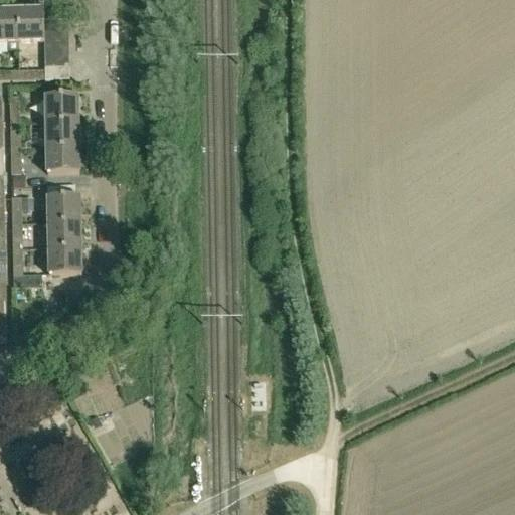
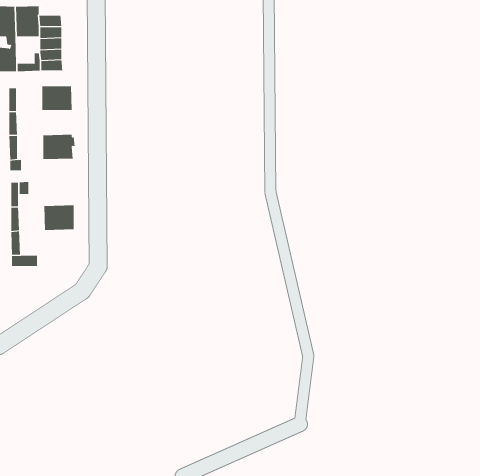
building: [44,118,79,144] -> none
building: [45,182,79,219] -> none
building: [47,244,80,272] -> none

